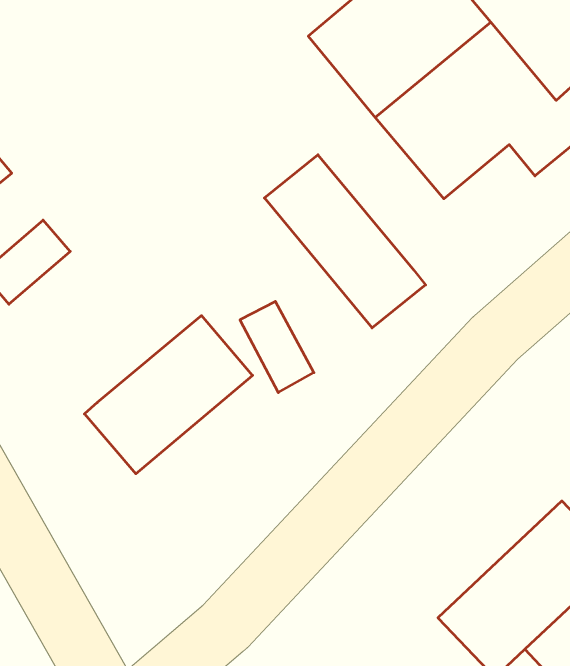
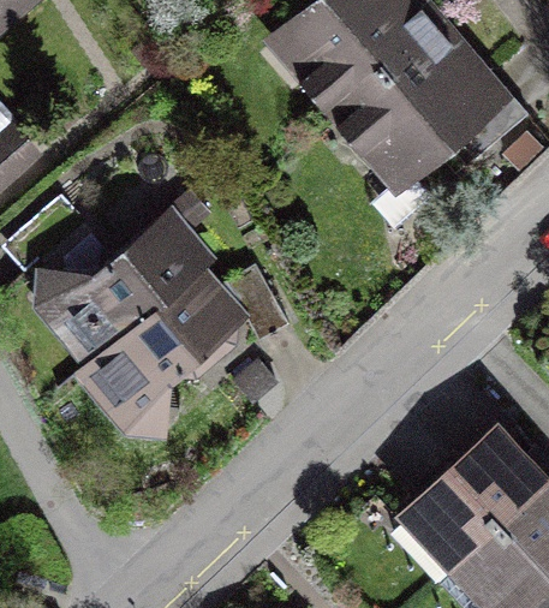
building: [264,155,426,328] -> none
building: none -> [59,216,198,348]

